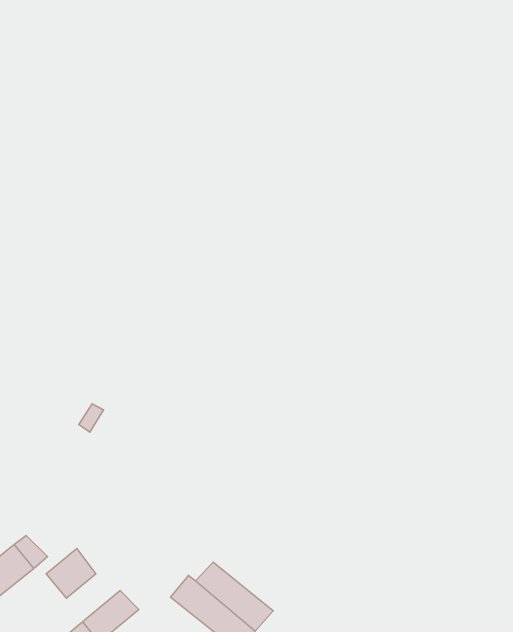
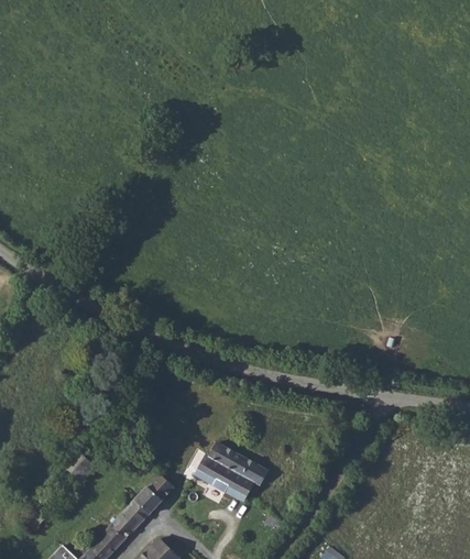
building: [46,548,96,598] -> none

